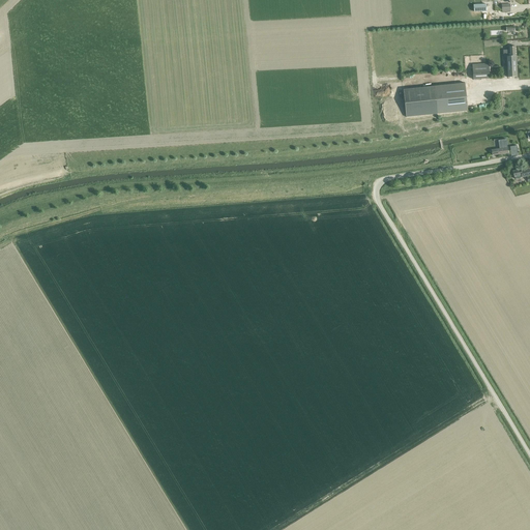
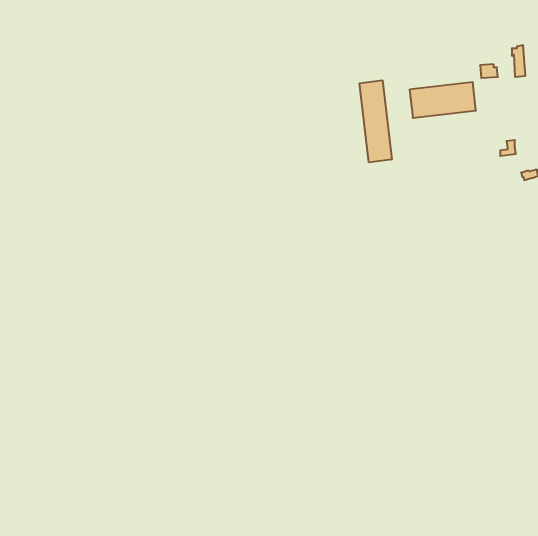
building: none -> [360,80,392,162]

